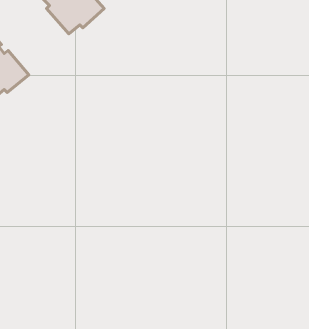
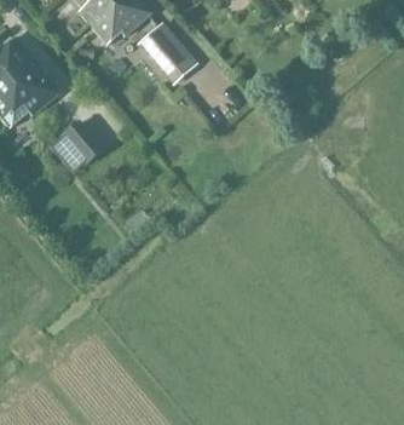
building: none -> [144,23,194,76]
building: none -> [59,125,98,165]

